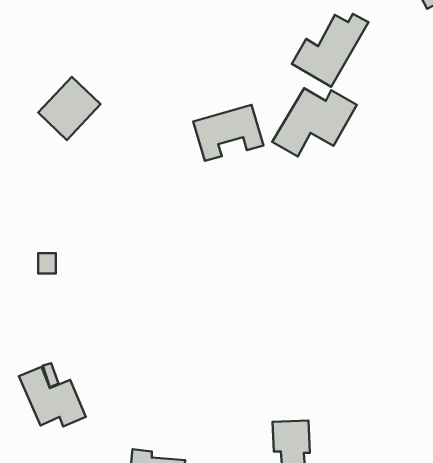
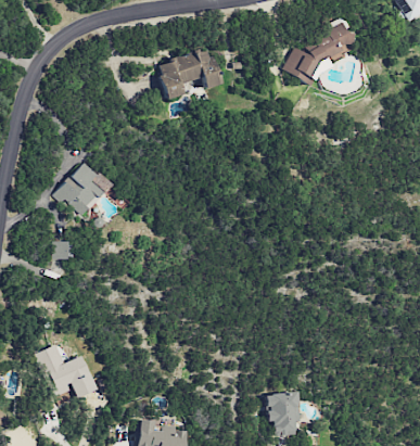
building: [38,77,100,140] -> [55,161,112,218]
building: [272,88,357,157] -> none
building: [193,105,264,161] -> [157,48,221,99]

